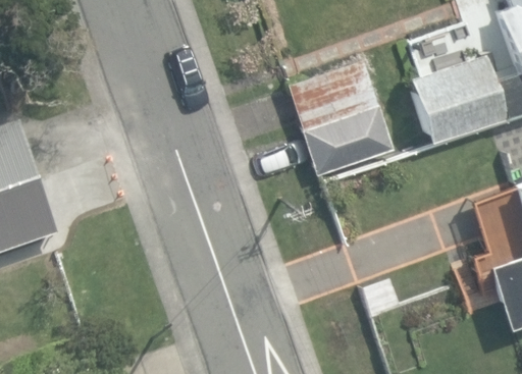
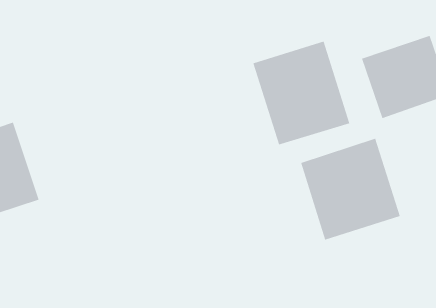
building: none -> [301,138,400,240]

